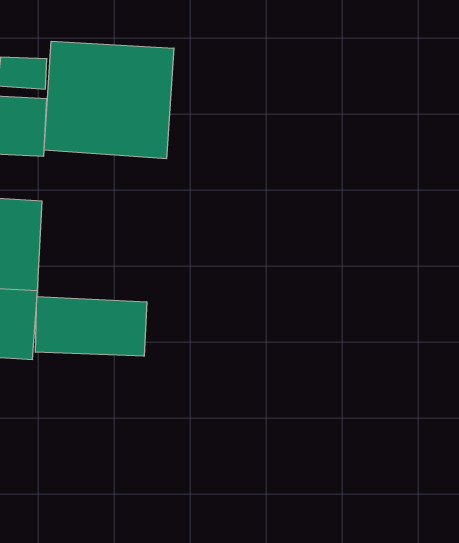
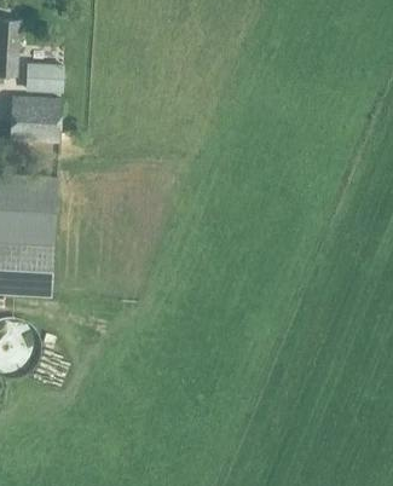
building: [44,41,174,159] -> none
building: [35,296,147,356] -> none

